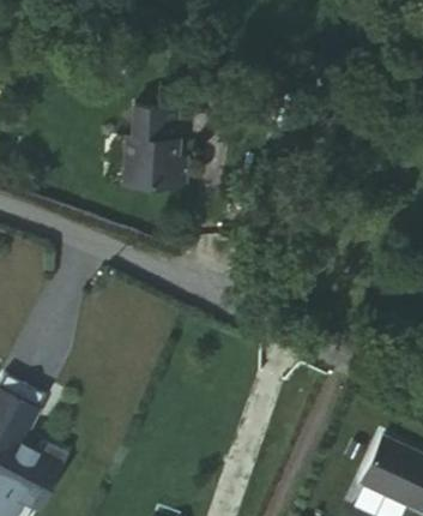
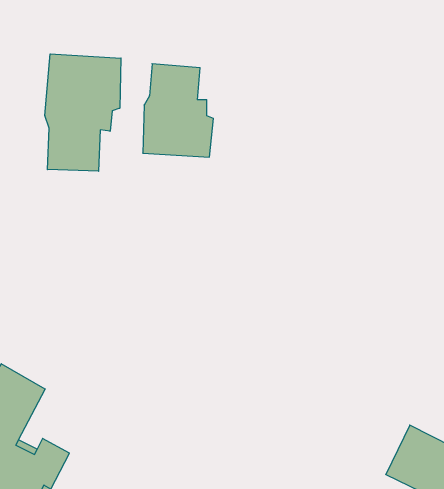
building: none -> [45,54,121,171]

